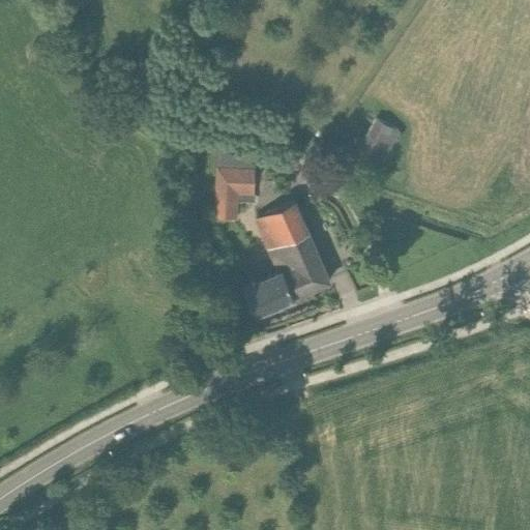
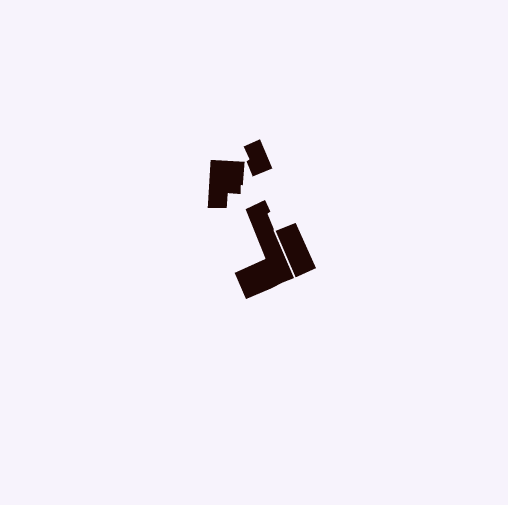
building: [362,117,404,161] -> none
building: [276,202,308,243] -> [243,138,273,178]

